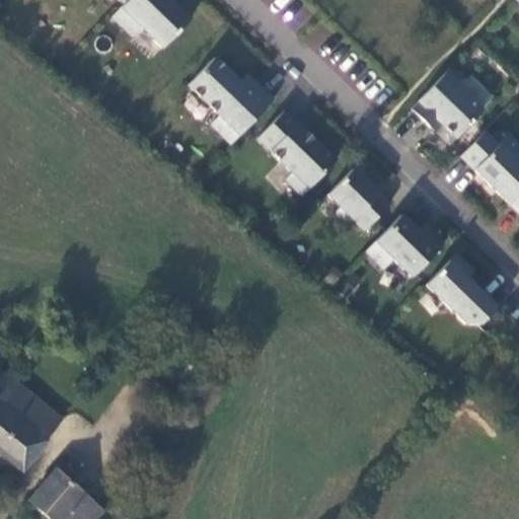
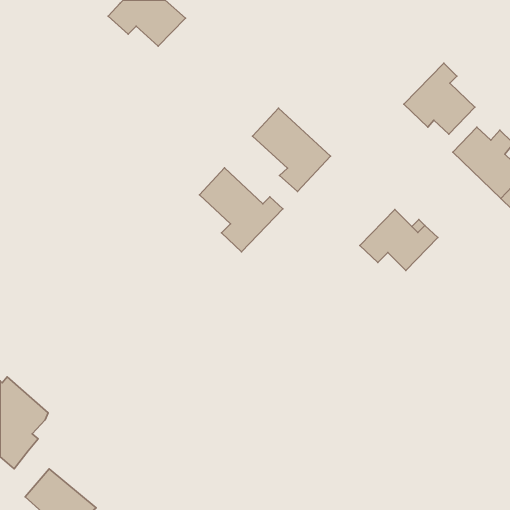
building: [189,59,273,144] -> [200,168,283,252]
building: [327,169,390,230] -> none
building: [427,253,498,329] -> none

